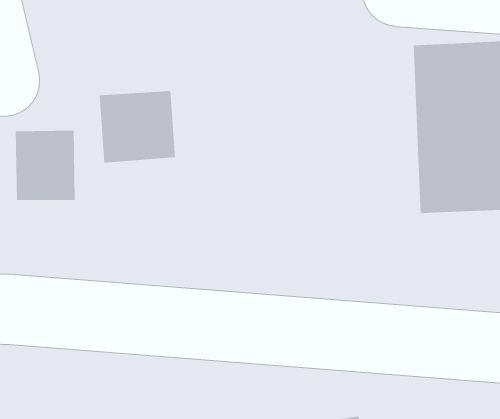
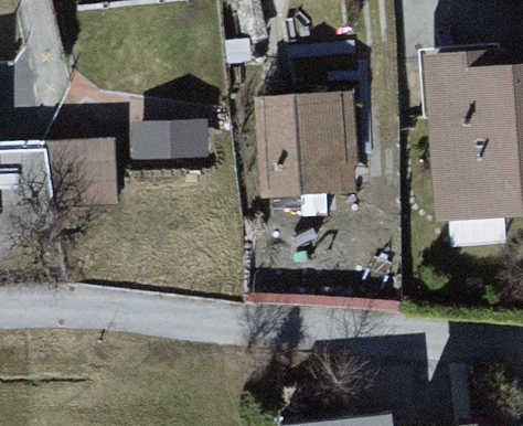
building: none -> [254,93,365,223]

